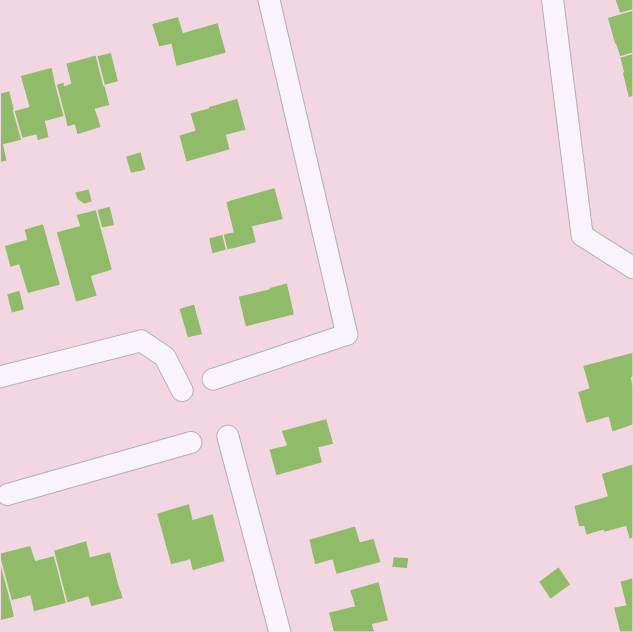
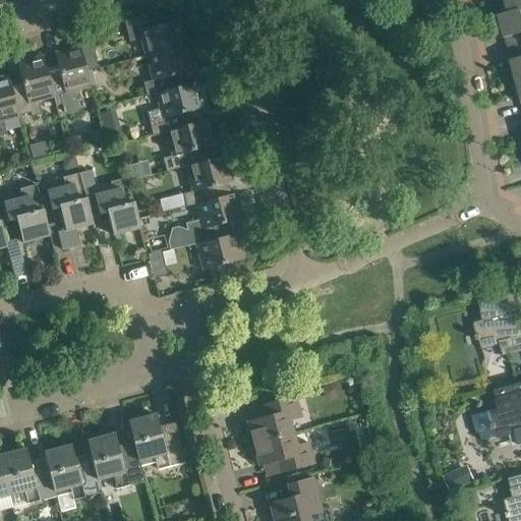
building: none -> [142,44,192,95]
building: none -> [153,119,213,171]
building: none -> [94,176,140,234]
building: none -> [167,192,242,249]
building: [268,418,334,476] -> [247,395,301,443]
building: none -> [88,421,144,487]

